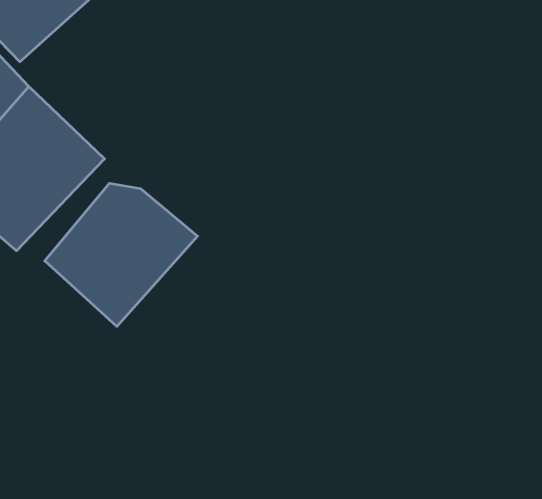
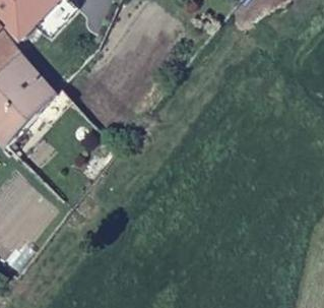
building: [45,183,198,326] -> none

